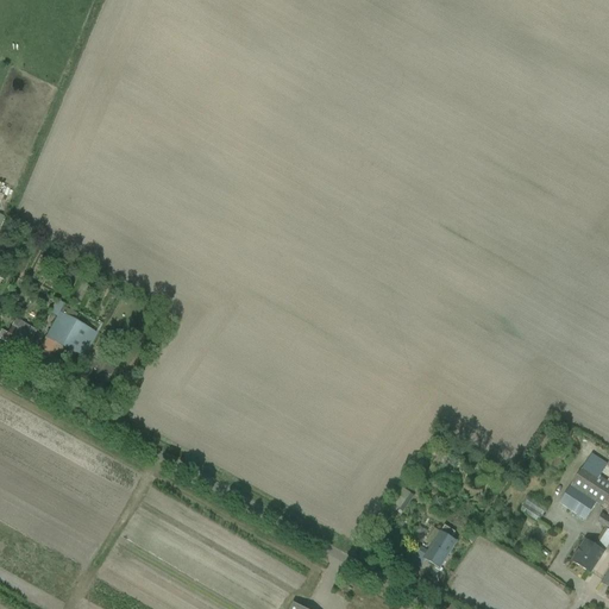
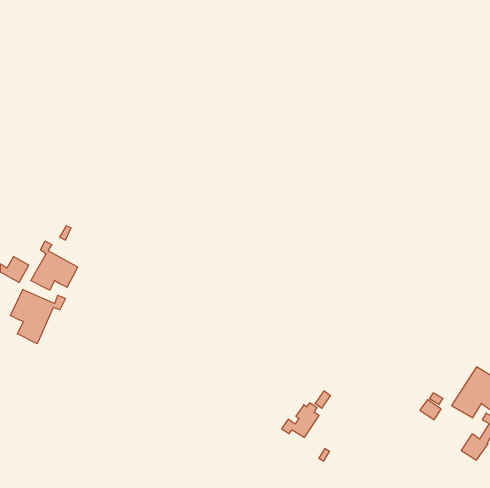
building: none -> [10,289,65,344]
building: [412,523,458,566] -> [282,403,319,437]

